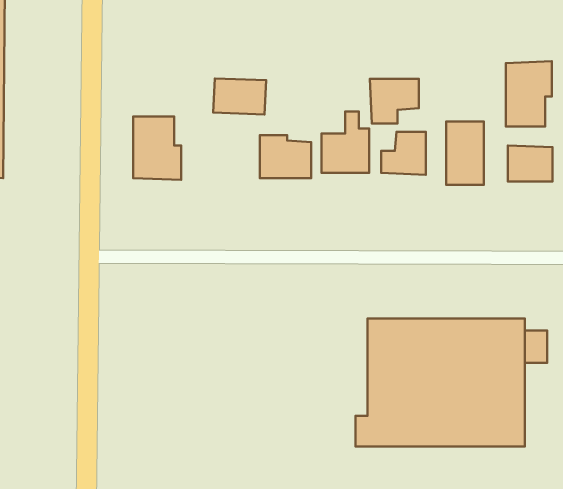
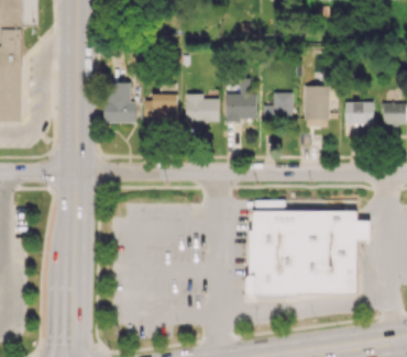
building: [506,61,552,126] -> none
building: [213,78,266,114] -> [143,94,177,118]
building: [370,79,419,124] -> none

